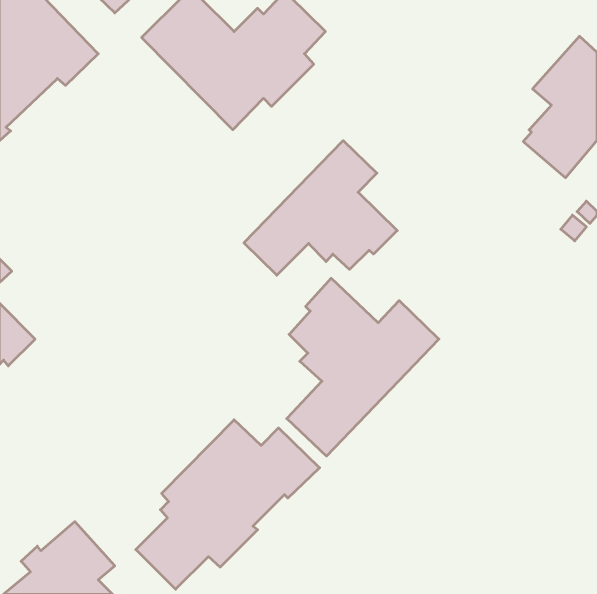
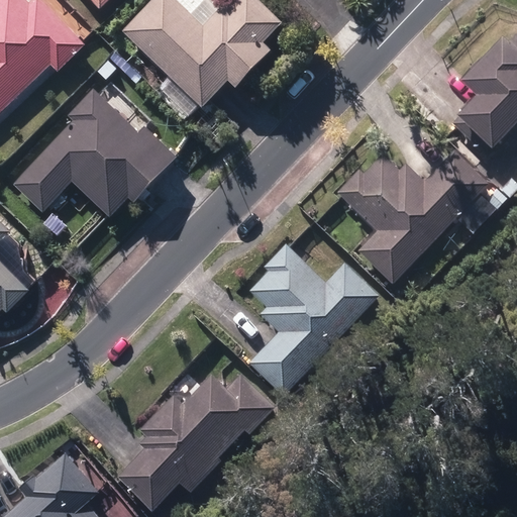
building: none -> [14,91,178,219]
building: [244,141,397,275] -> none
building: none -> [336,148,488,282]

